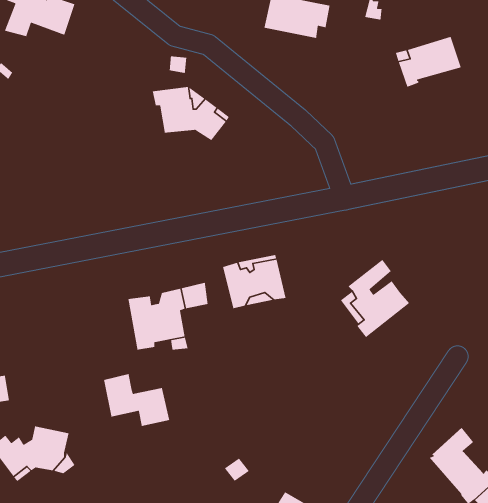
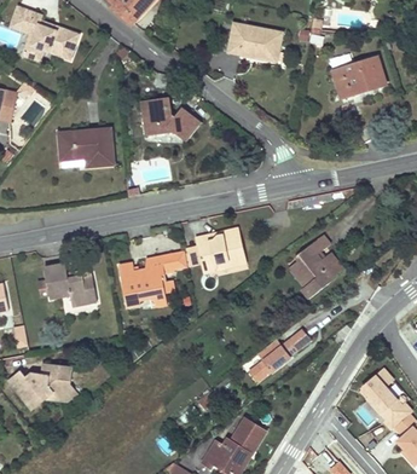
building: none -> [58,128,114,167]
building: [103,373,170,427] -> [45,264,98,306]
building: none -> [247,328,309,381]

